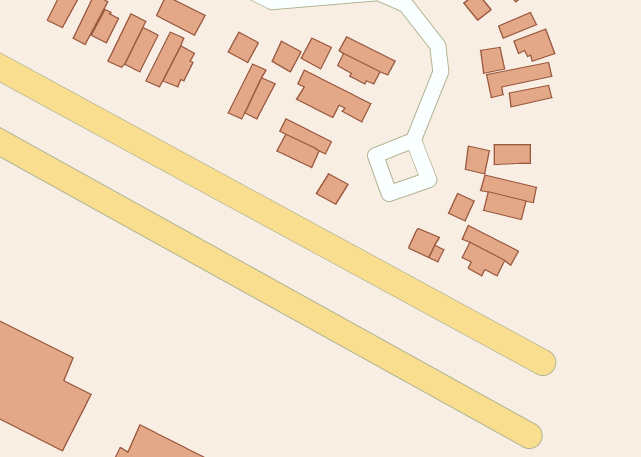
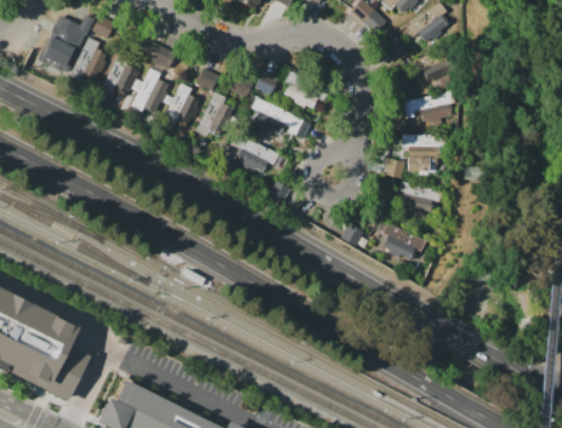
building: none -> [161,82,199,131]
building: none -> [402,133,437,155]

